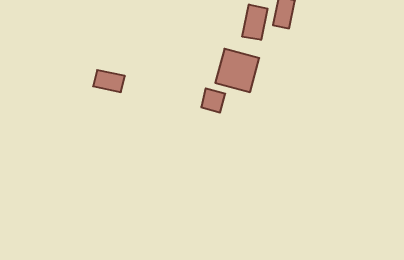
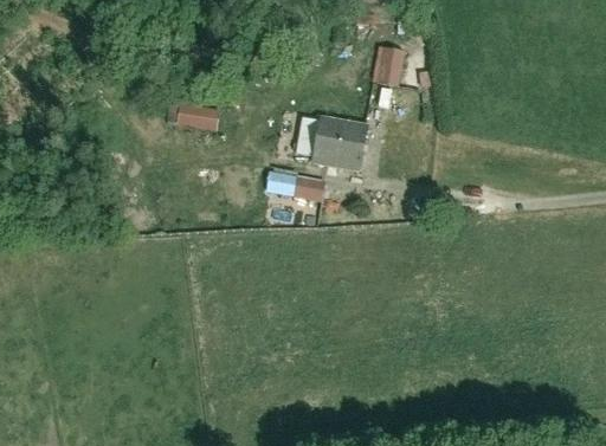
building: [242,4,268,40] -> none
building: [93,70,125,92] -> [178,105,218,131]

